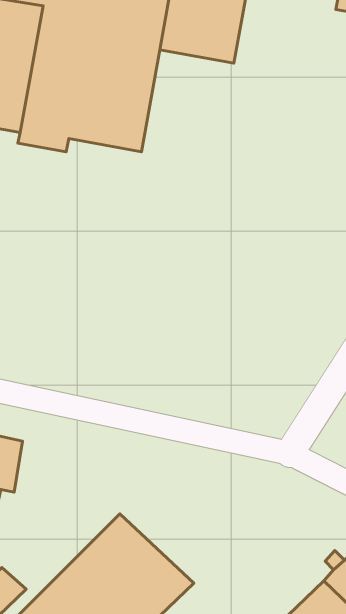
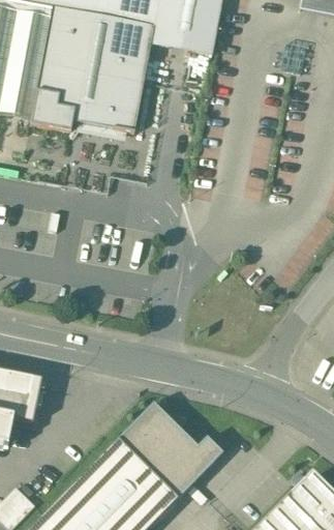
building: none -> [116,401,223,498]

